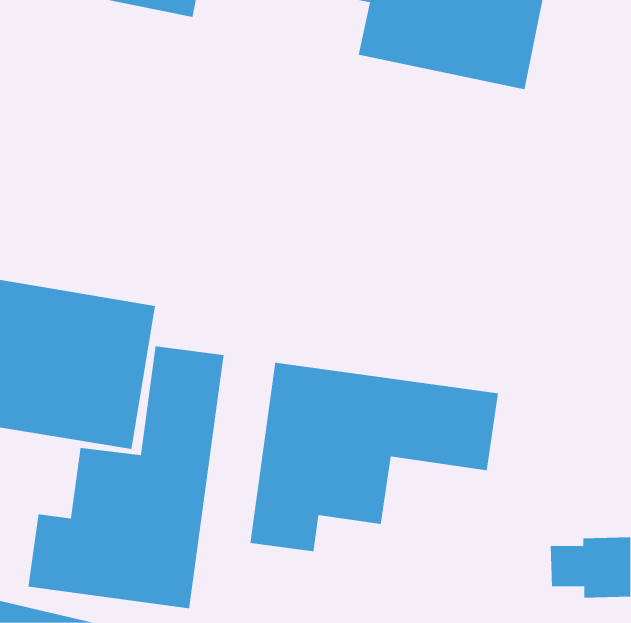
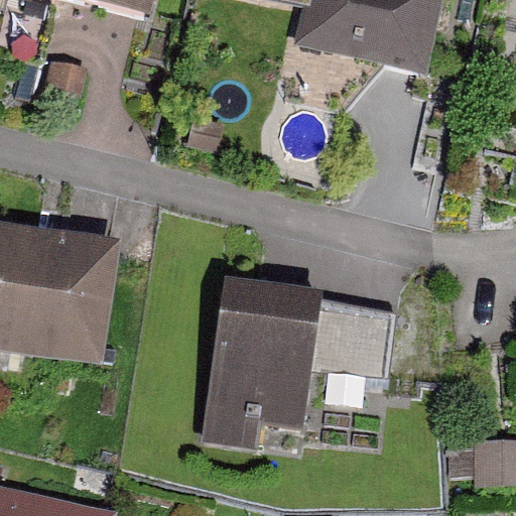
building: [28,345,224,609] -> none

